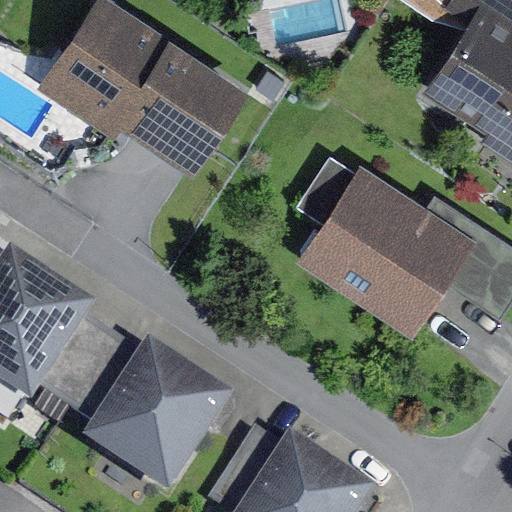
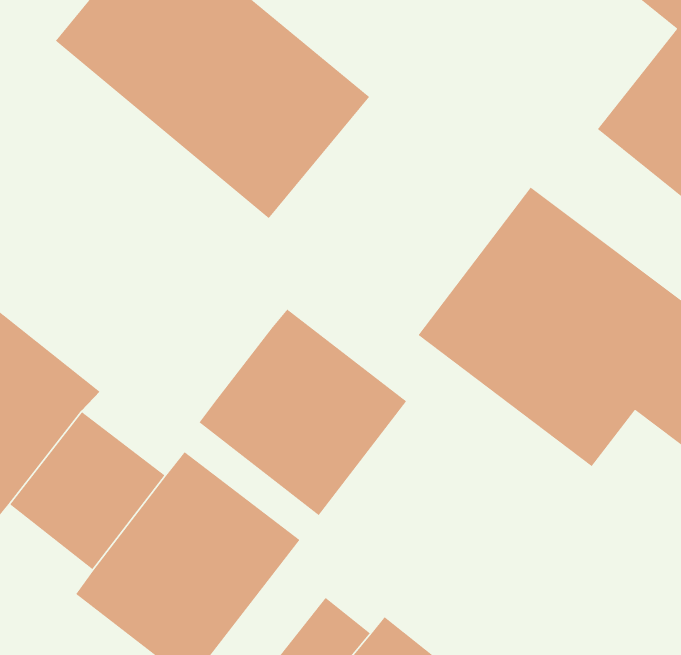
building: none -> [198,309,407,516]

